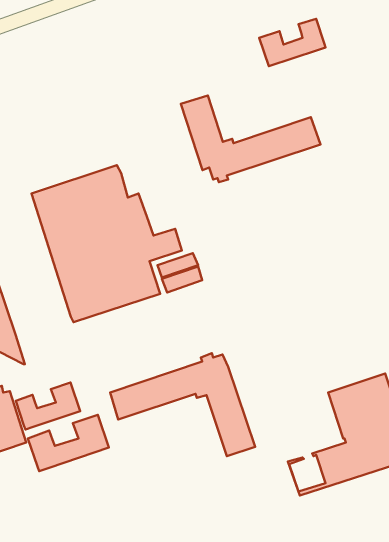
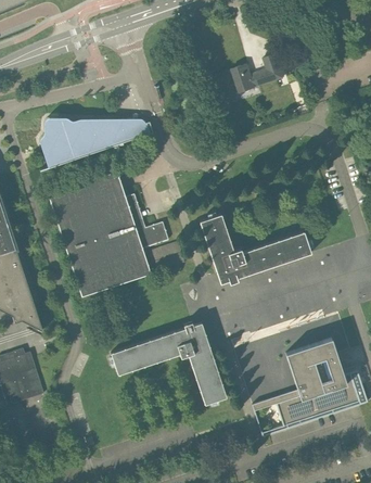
building: [181,96,320,182] -> [200,214,311,283]
building: none -> [39,117,153,169]
building: [16,383,80,430] -> none
building: [28,415,109,471] -> none

